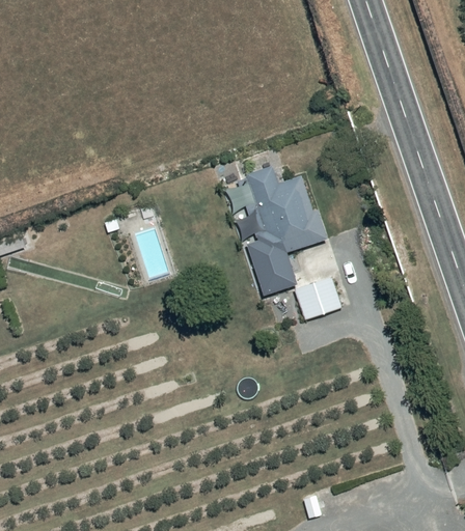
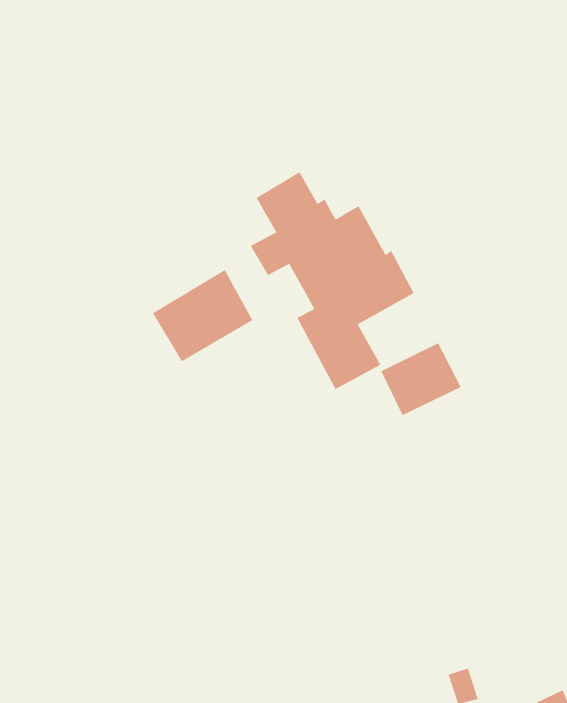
building: none -> [152,269,253,362]

